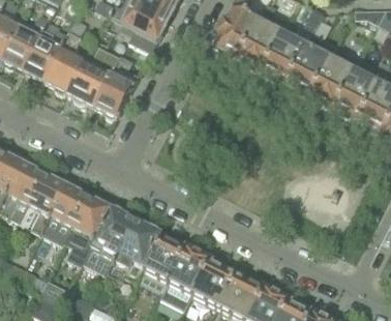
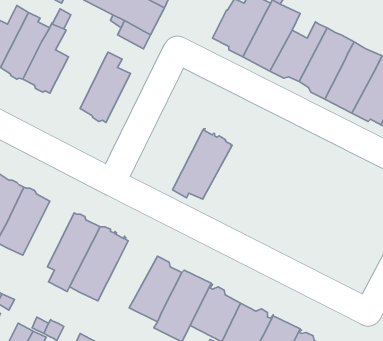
building: [67,45,118,105] -> none
building: [43,186,89,245] -> none
building: [110,221,162,283] -> [172,129,232,199]

